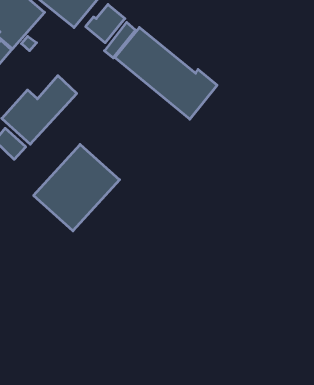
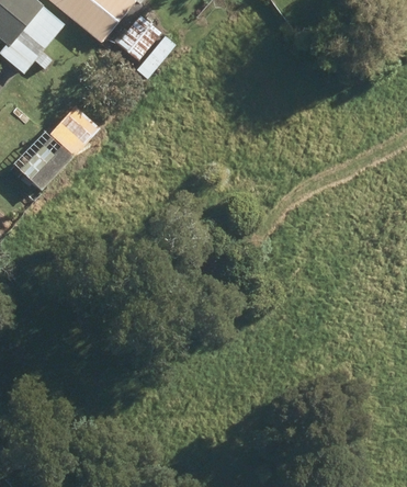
building: [115,27,217,119] -> none
building: [34,144,120,231] -> none

